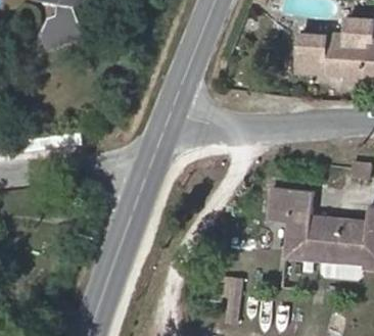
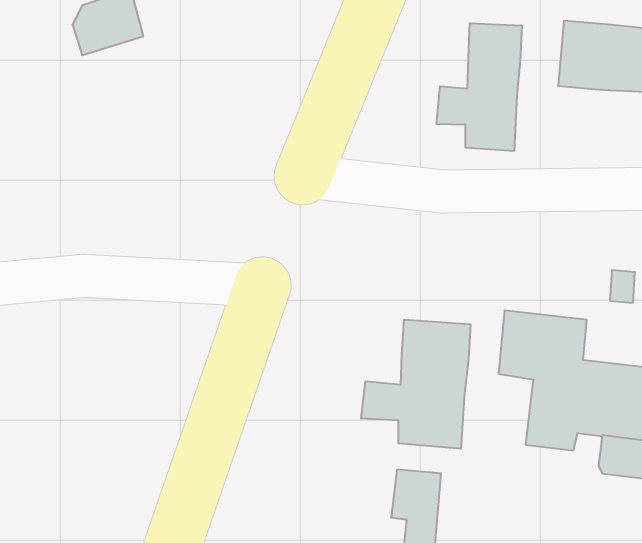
building: none -> [437,23,522,151]
building: none -> [361,320,471,449]

